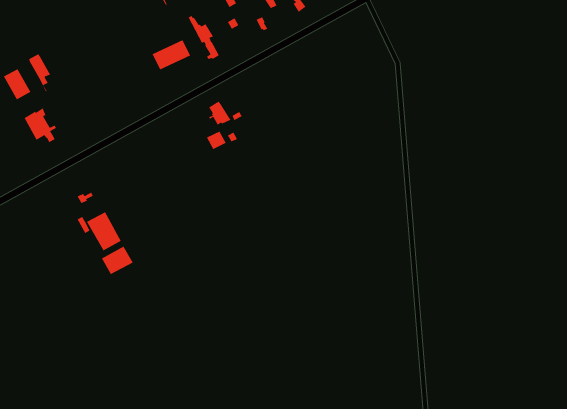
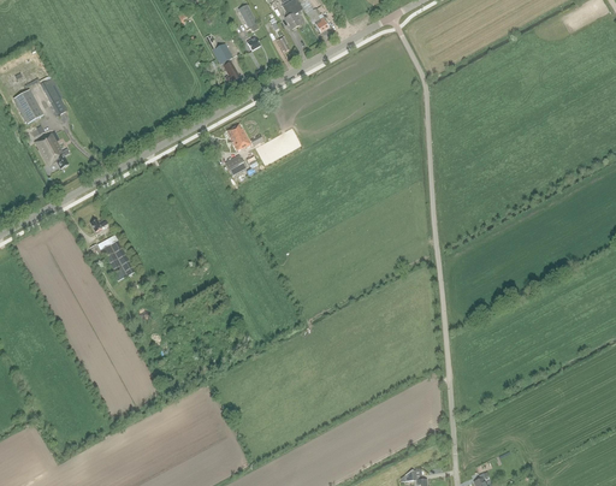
building: [151,39,191,70] -> none
building: [101,245,134,275] -> none

